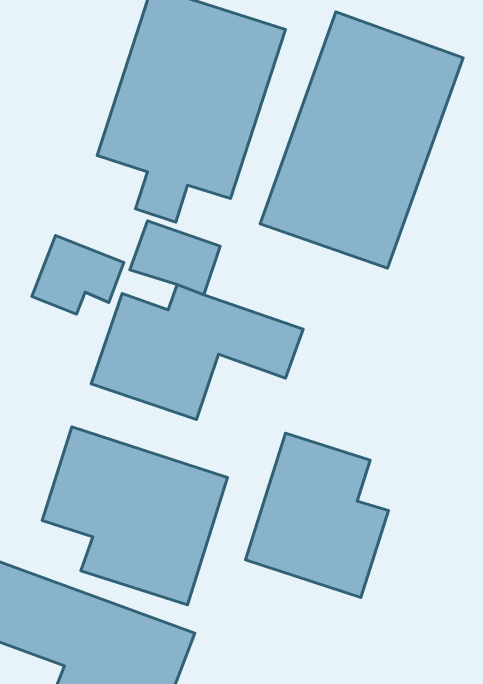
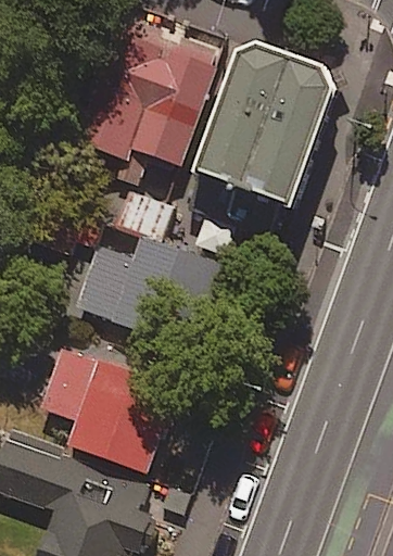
building: [246,433,389,597] -> none

